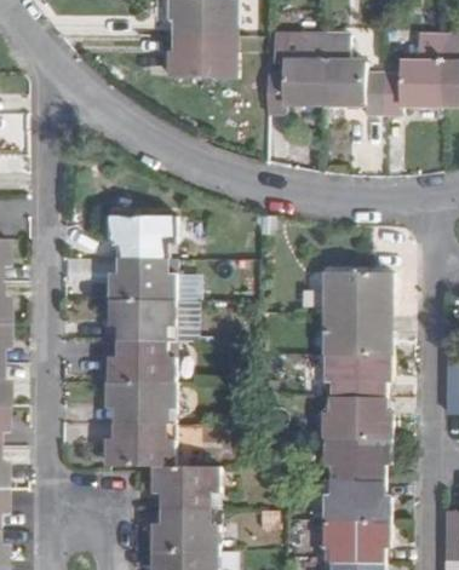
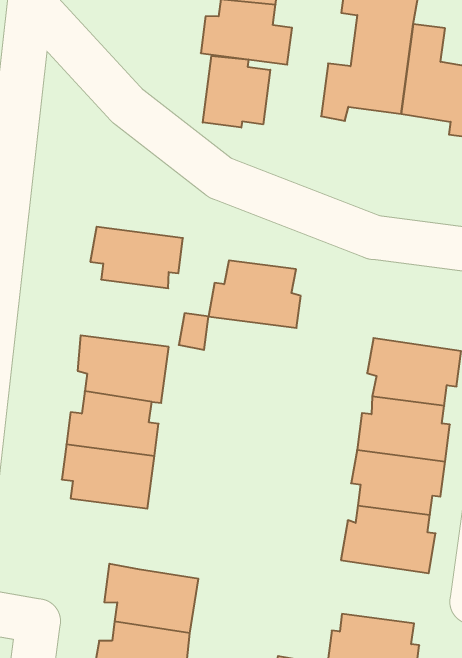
building: none -> [203,56,270,128]
building: [108,255,174,299] -> [209,260,301,328]
building: [108,421,174,467] -> none
building: [323,441,390,480] -> none

